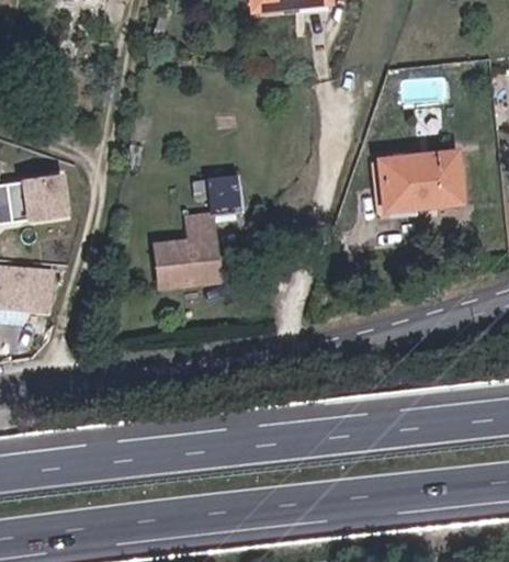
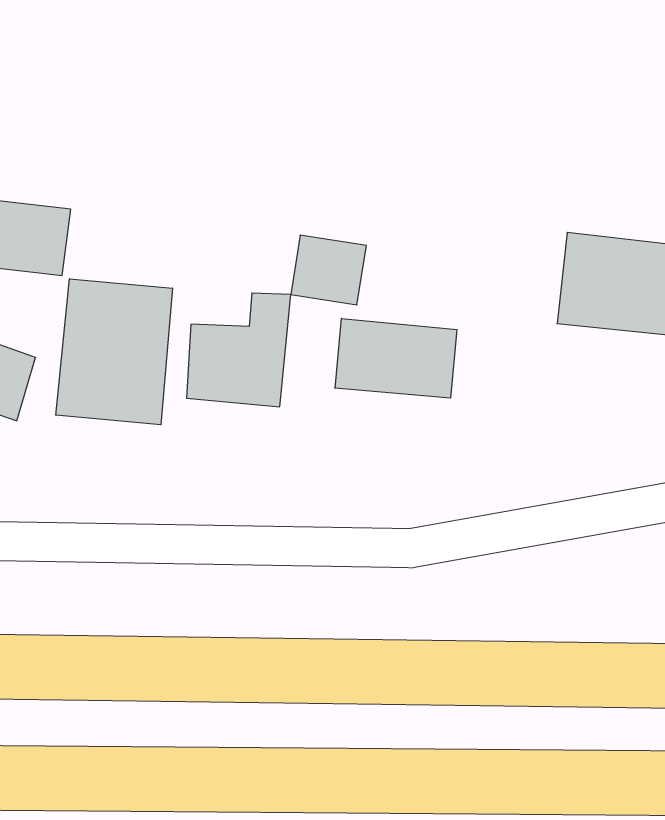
building: none -> [56,279,172,425]
building: none -> [335,318,457,398]

